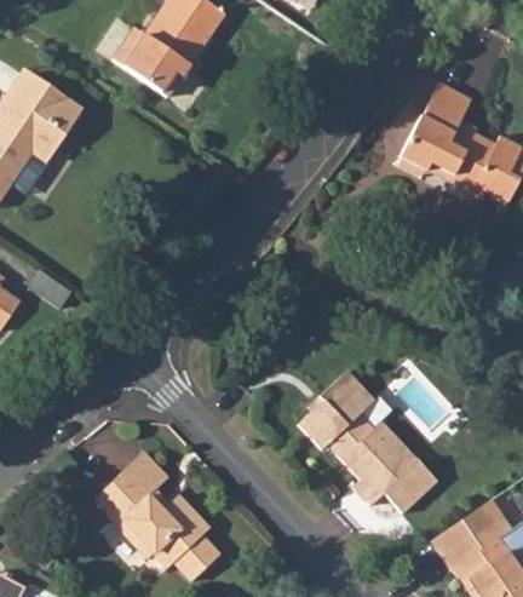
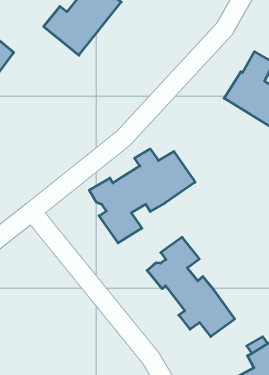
building: none -> [89,149,195,243]
building: [96,443,222,576] -> none

